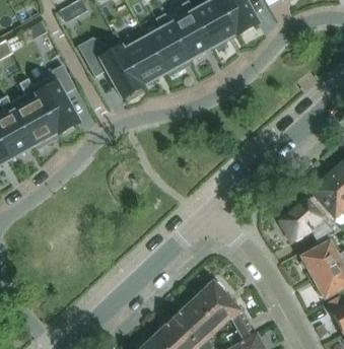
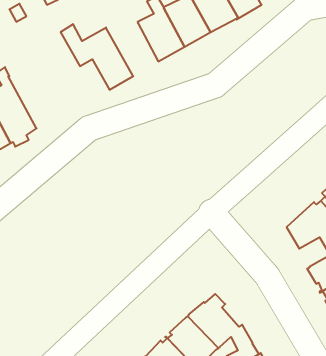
building: [120,28,166,85] -> none
building: [32,64,80,133] -> none

